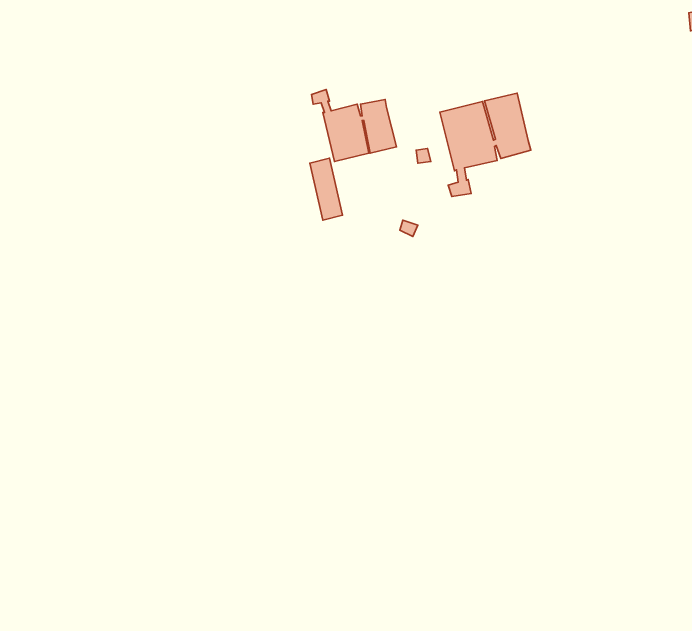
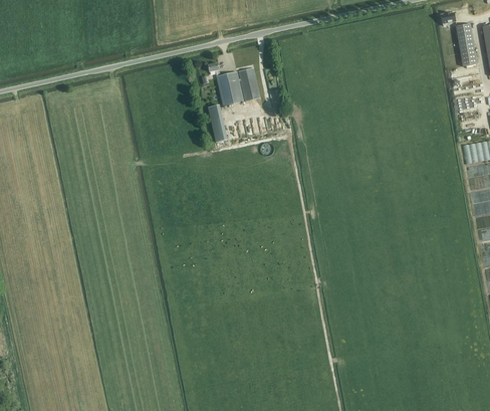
building: [440,93,531,196] -> none

